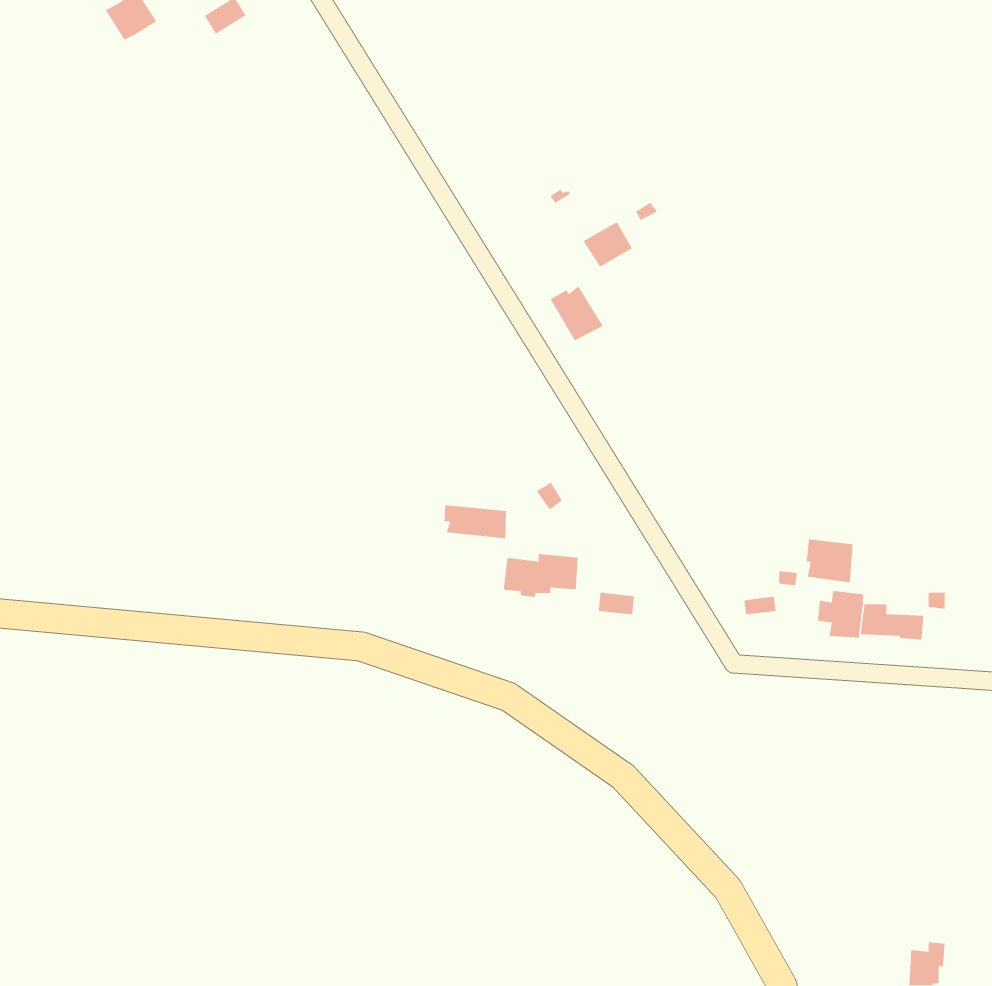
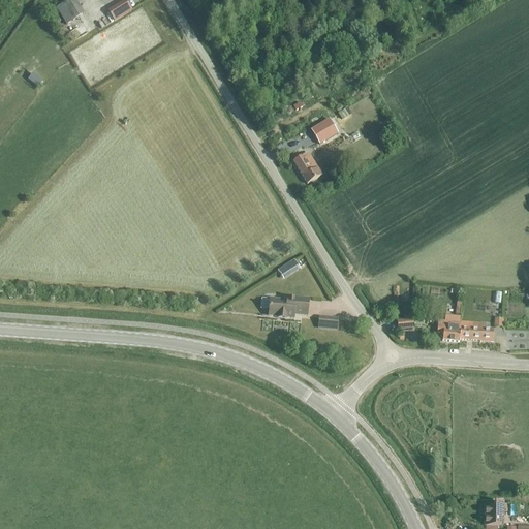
building: [444,505,507,539] -> none
building: [806,539,854,583] -> none

